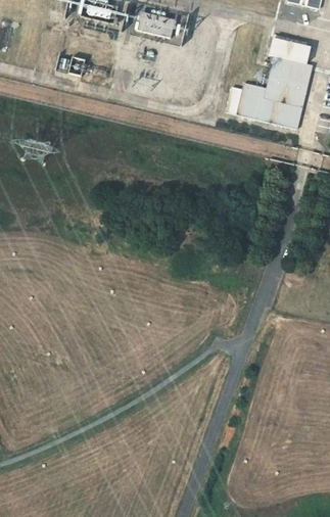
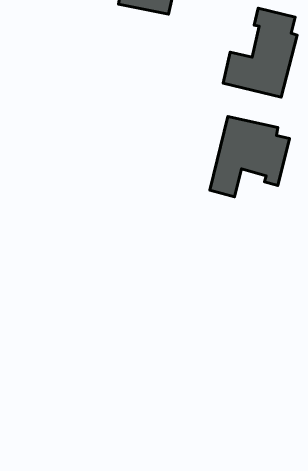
building: none -> [210,116,289,197]

